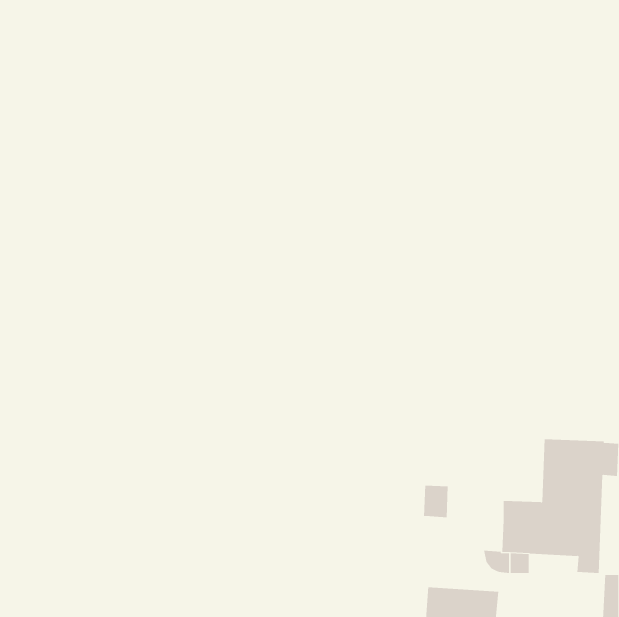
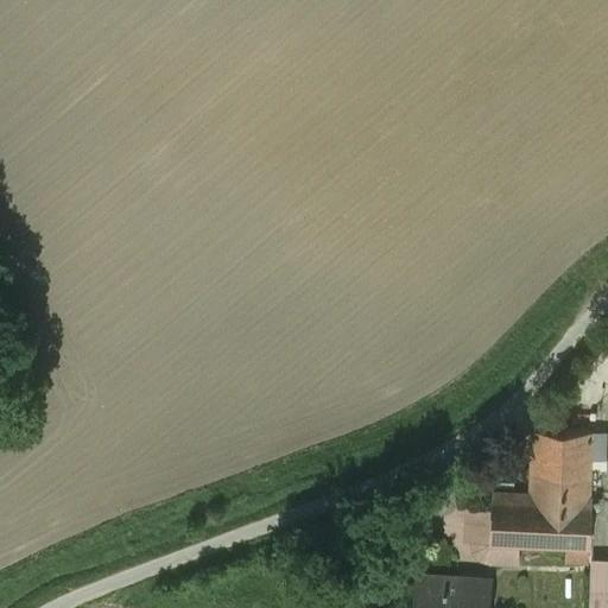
building: [423,485,449,518] -> [468,511,493,543]

